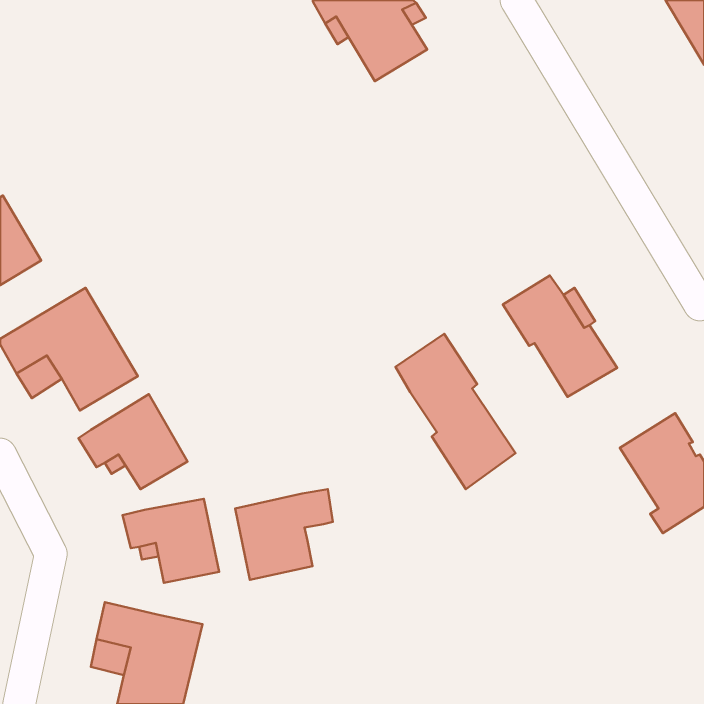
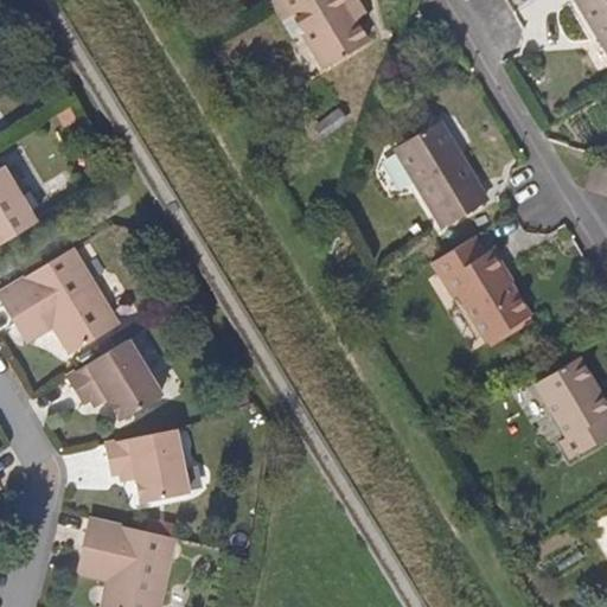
building: none -> [395,121,485,228]
building: [395,334,516,489] -> none
building: [235,489,333,580] -> none

